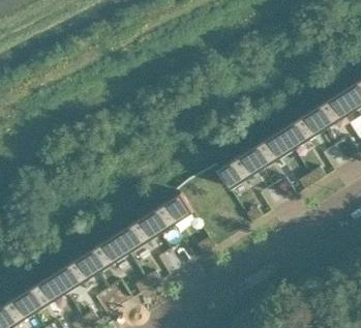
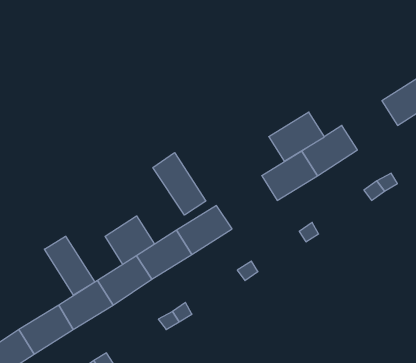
building: [279,109,324,148] -> [269,112,324,161]
building: none -> [153,153,206,215]
building: none -> [105,216,154,264]
building: none -> [44,236,95,295]

